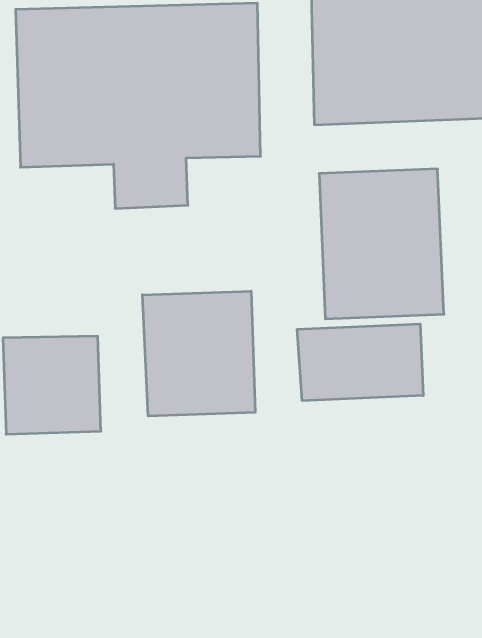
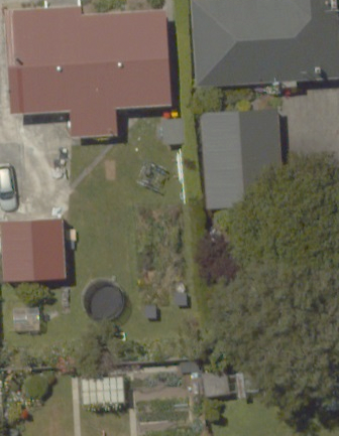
building: [142,291,255,416] -> none
building: [297,324,423,401] -> none

